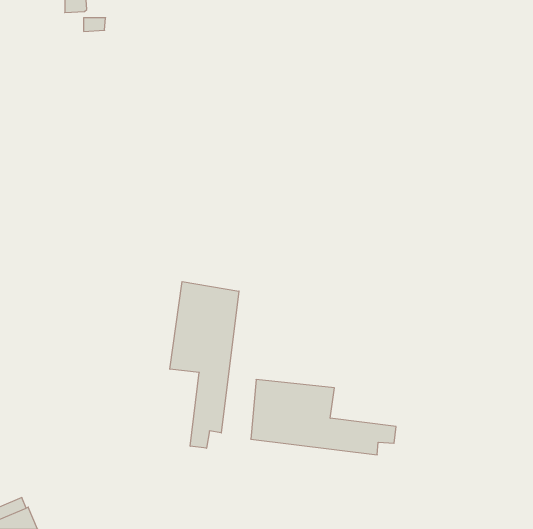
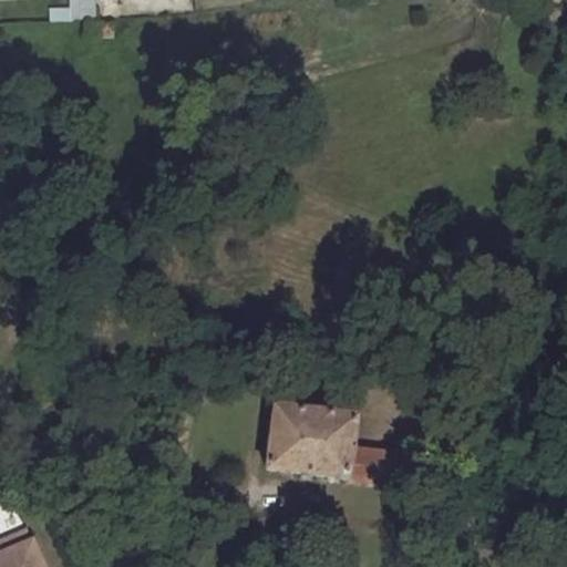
building: [170,282,239,448] -> none

